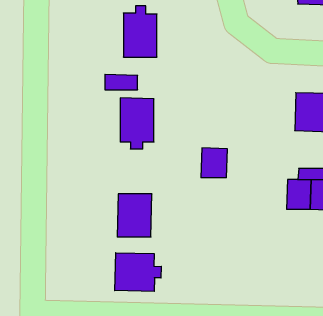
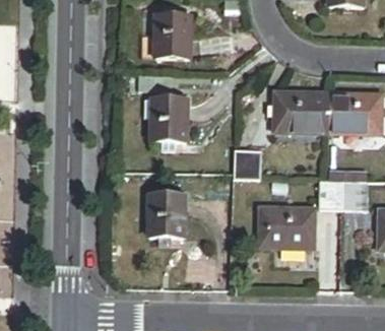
building: none -> [275,93,328,132]
building: none -> [260,209,315,248]
building: [115,253,161,291] -> none

